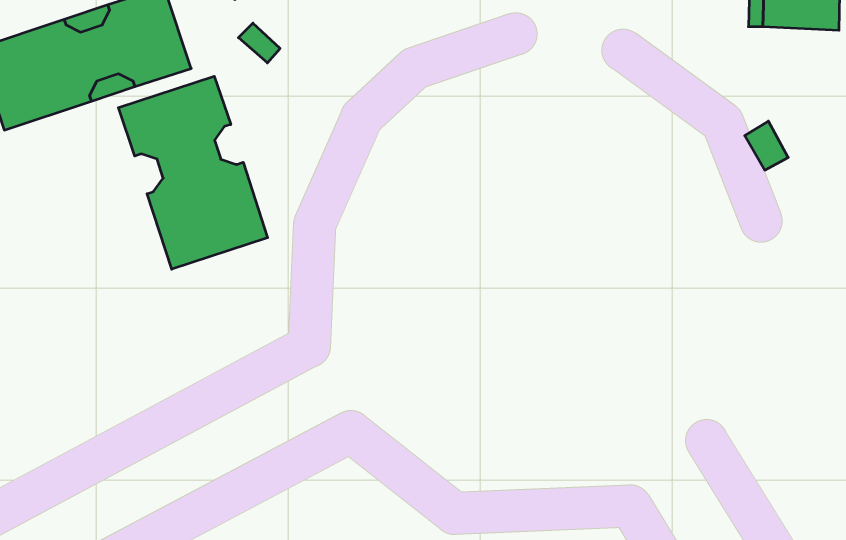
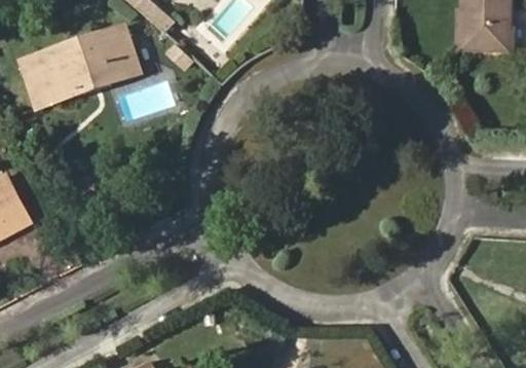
building: [118,76,268,269] -> none

